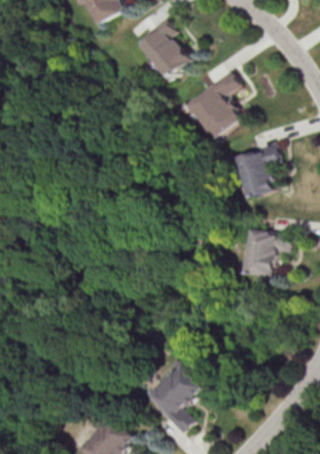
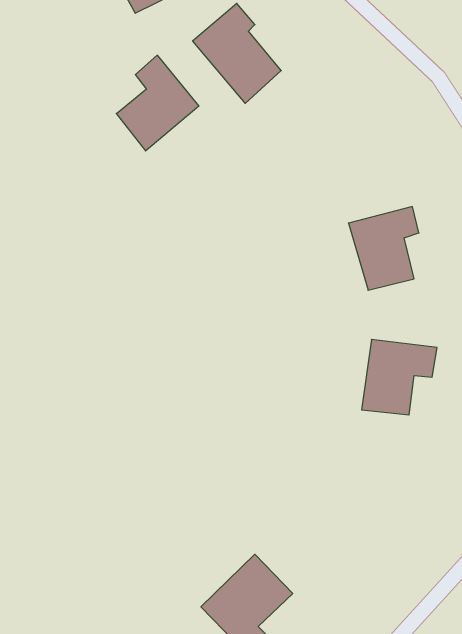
building: none -> [116,55,199,151]
building: [186,72,241,138] -> none

